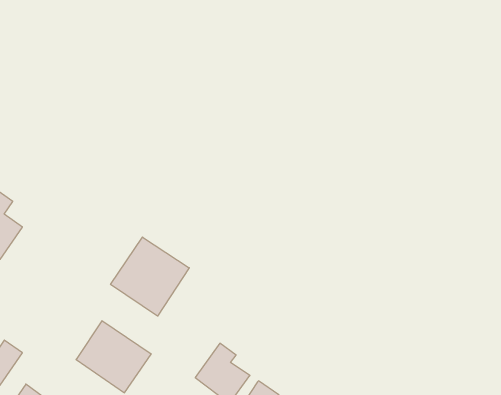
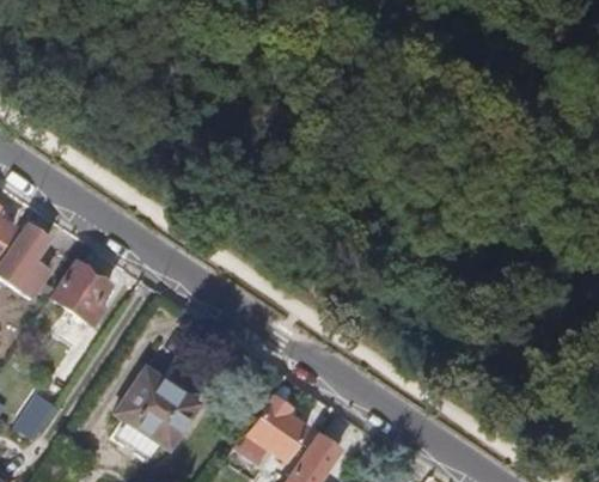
building: none -> [49,261,115,325]
building: [111,237,189,316] -> none

